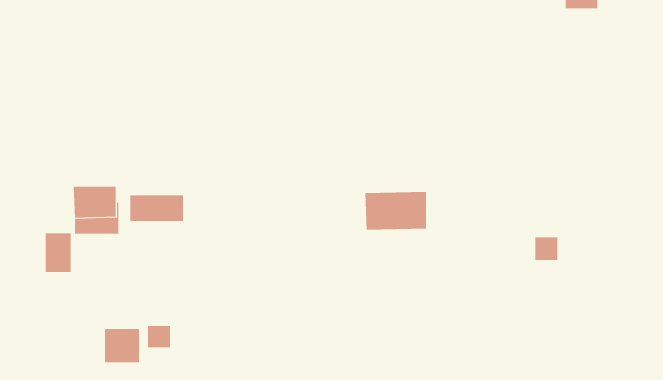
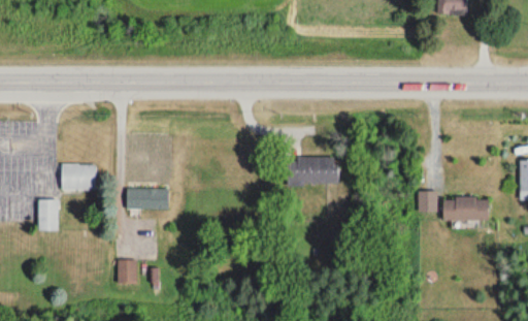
building: [129,195,184,221] -> [126,189,168,210]
building: none -> [443,198,489,221]
building: [105,328,140,363] -> none

